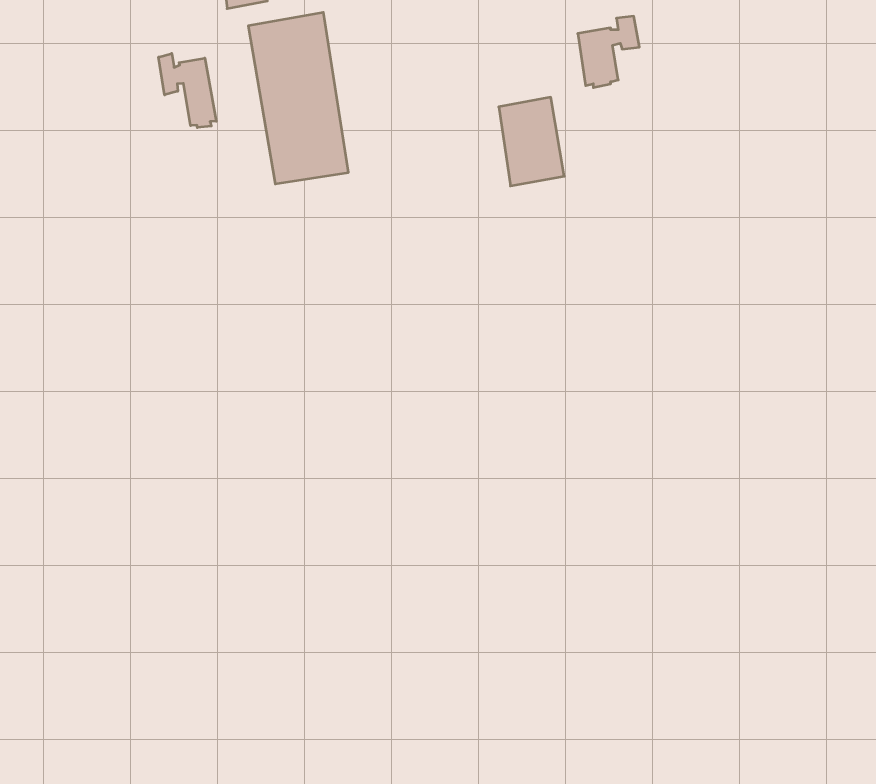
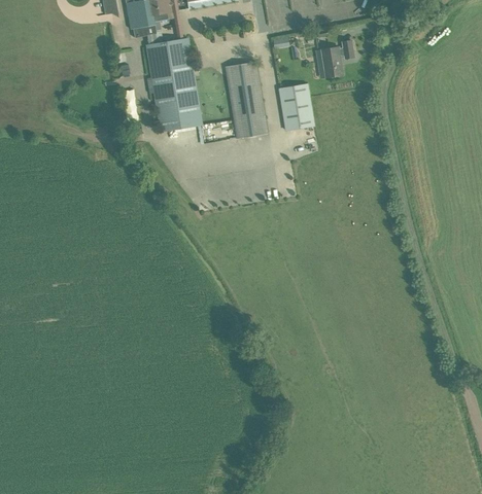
building: [159,53,216,128] -> none
building: none -> [225,62,267,138]

